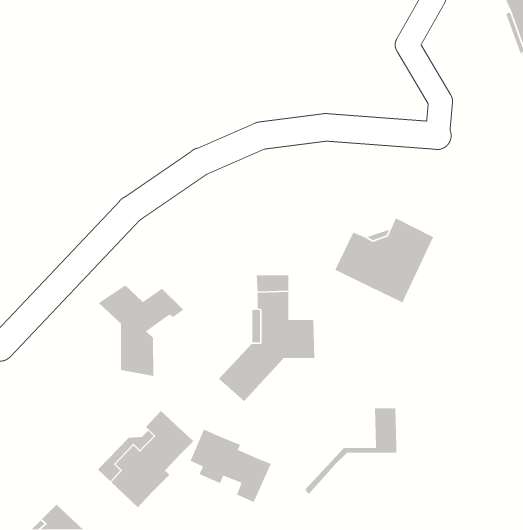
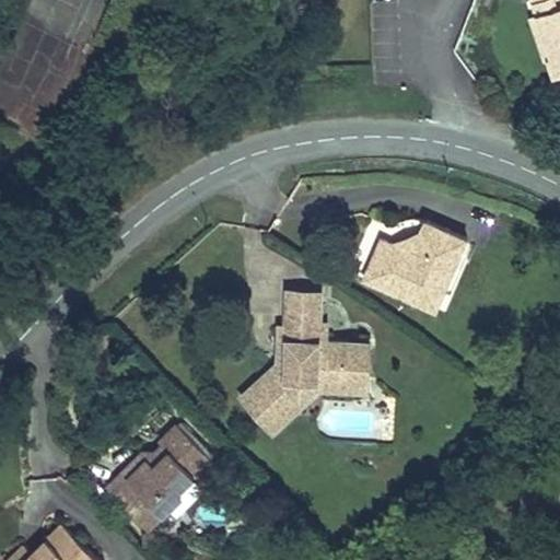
building: [98,285,184,377] -> none
building: [304,408,397,495] -> [267,335,364,427]
building: [190,428,272,503] -> none

